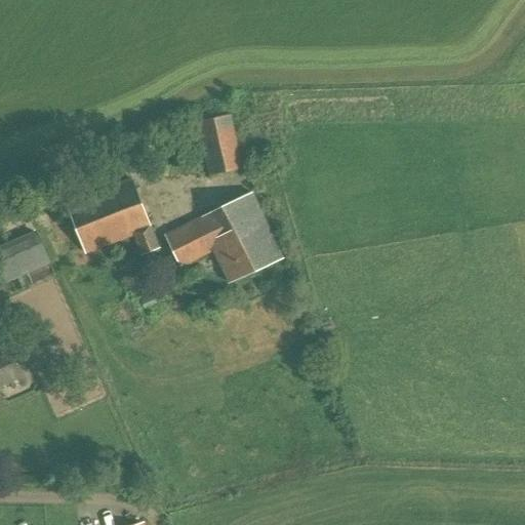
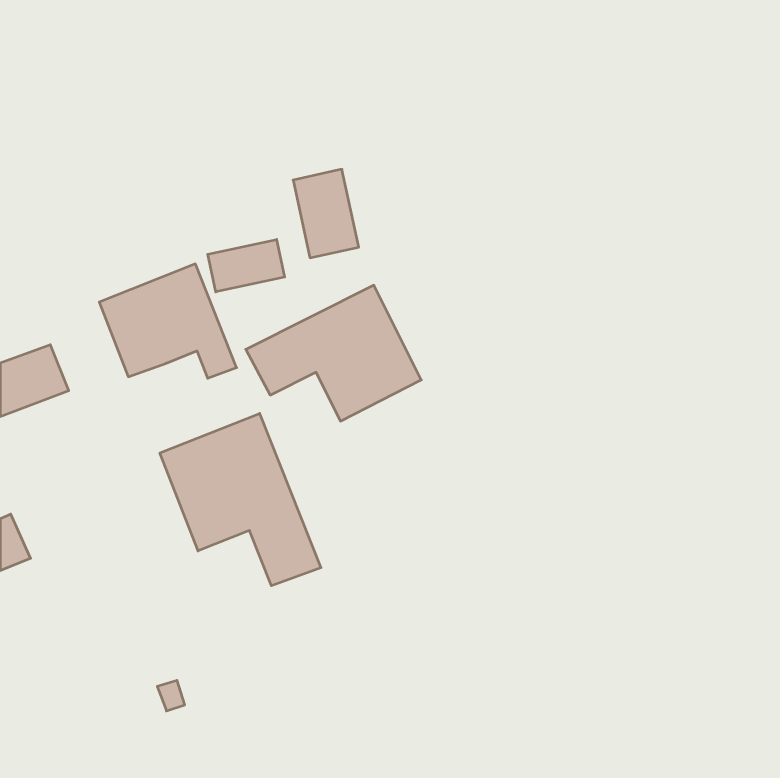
building: none -> [208,239,285,292]
building: none -> [160,413,321,586]

